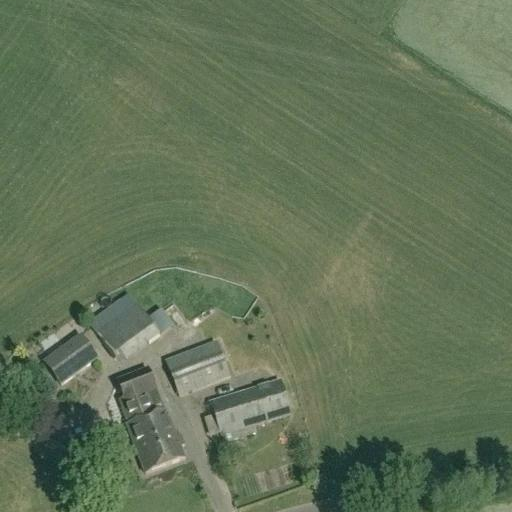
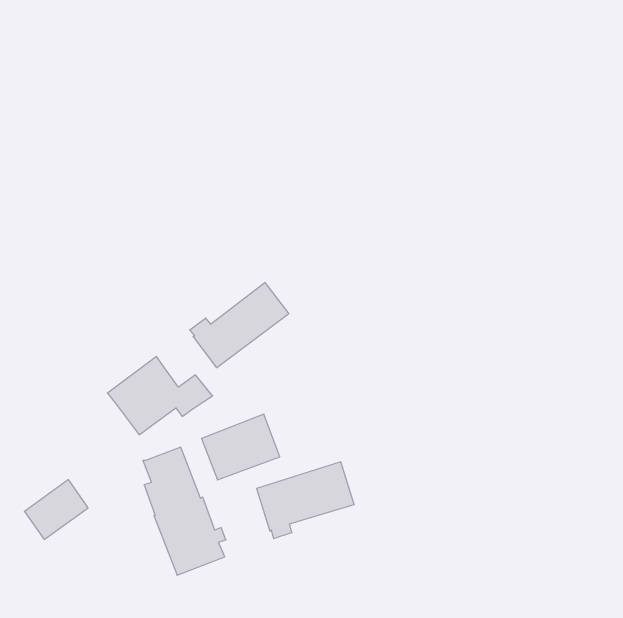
building: none -> [190,282,289,368]
building: [46,332,98,381] -> [24,480,88,539]

